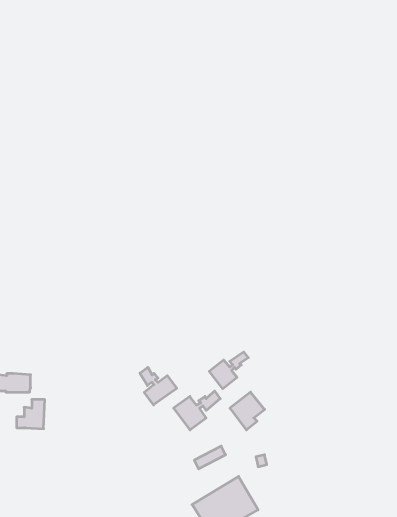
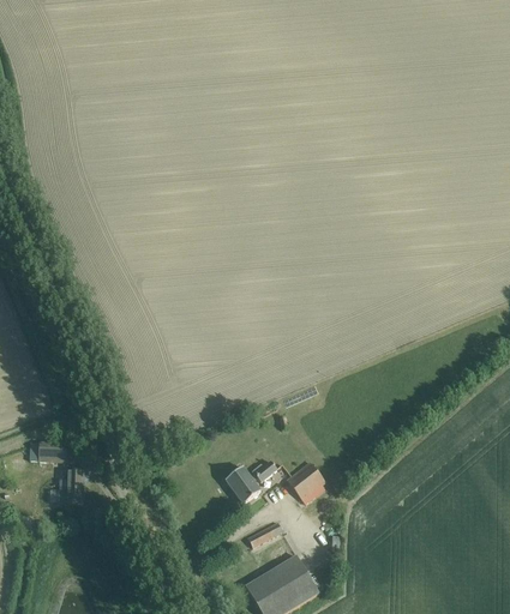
building: [209,352,248,389] -> none
building: [140,367,177,405] -> none

